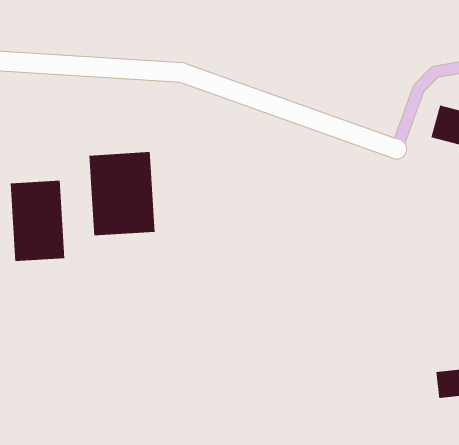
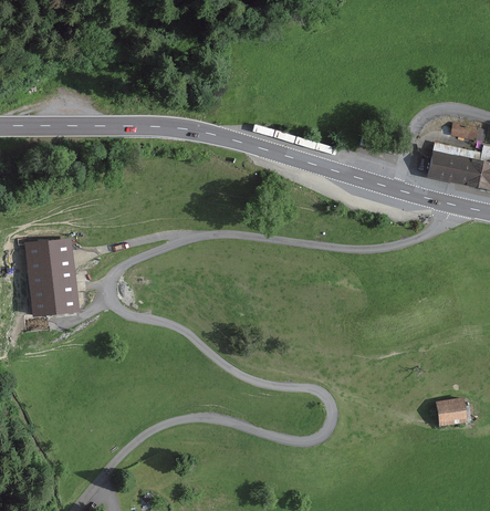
building: [89,151,155,236] -> none

